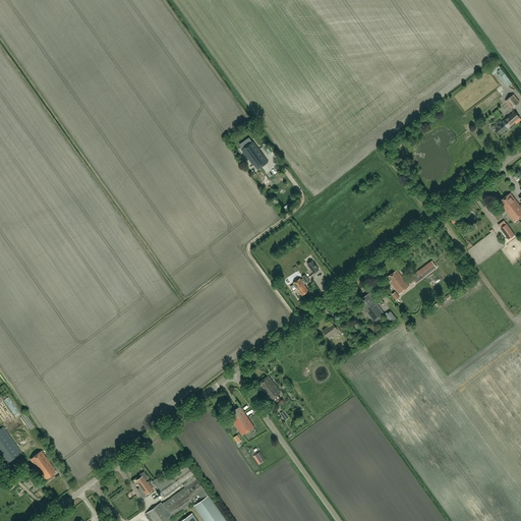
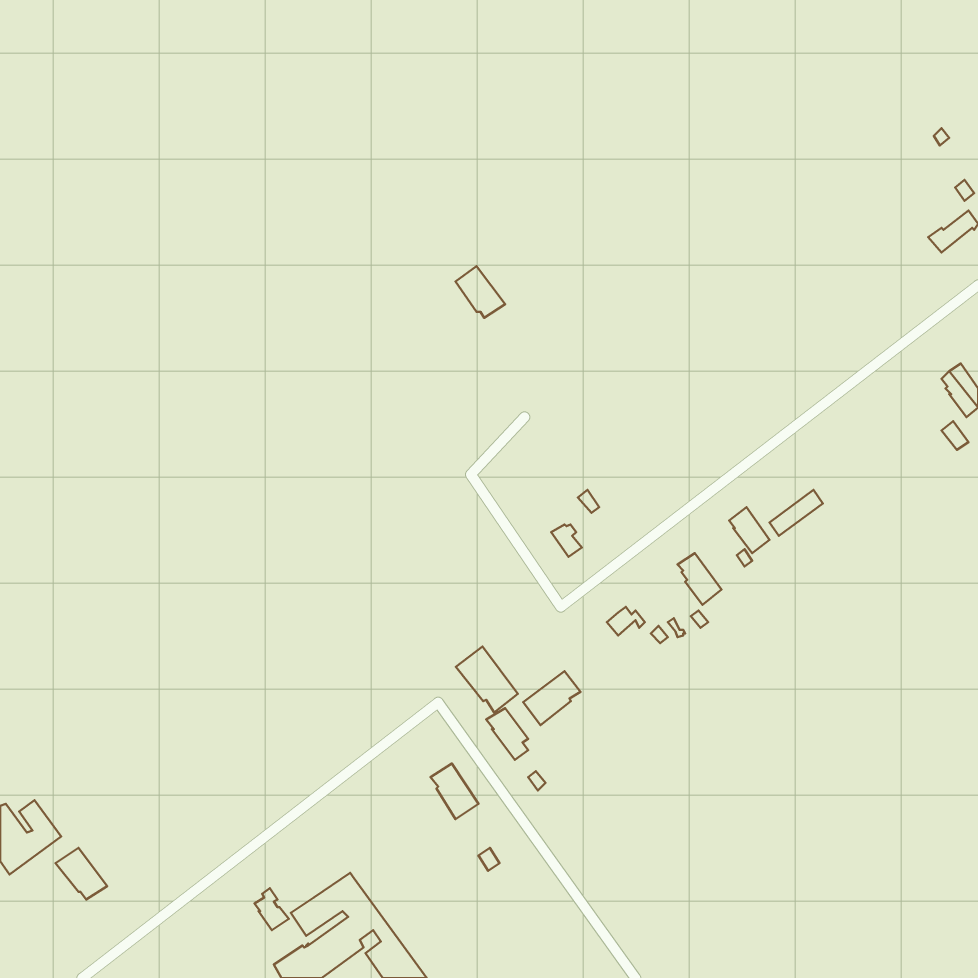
building: none -> [456,647,518,713]
building: none -> [523,671,581,725]

